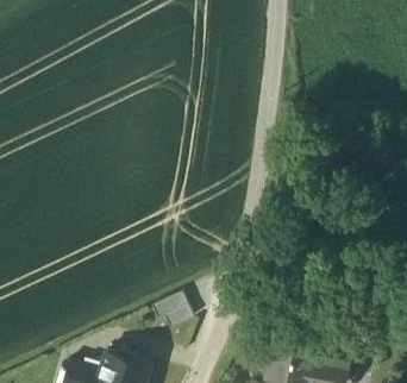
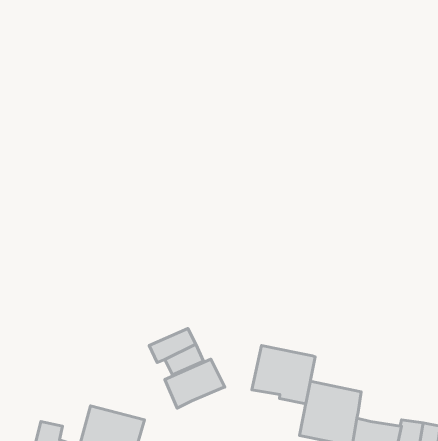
building: none -> [252,346,315,404]
building: none -> [165,359,225,408]

